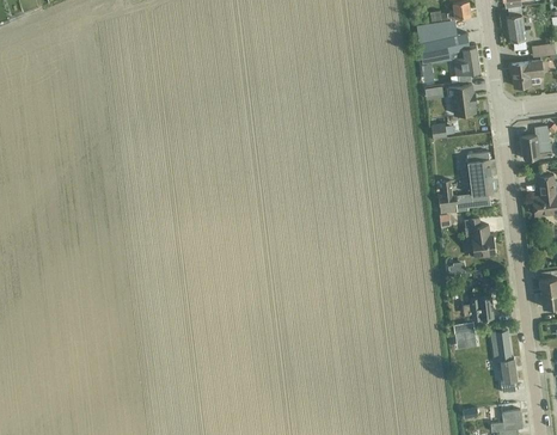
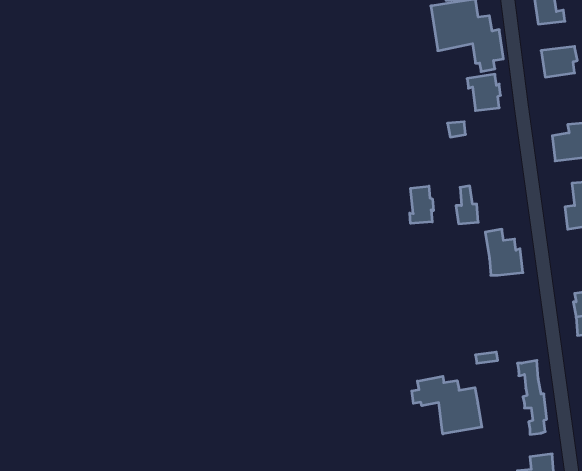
building: [467,158,492,194] -> none
building: none -> [410,186,433,223]
building: [463,295,492,319] -> none
building: none -> [412,376,482,434]

